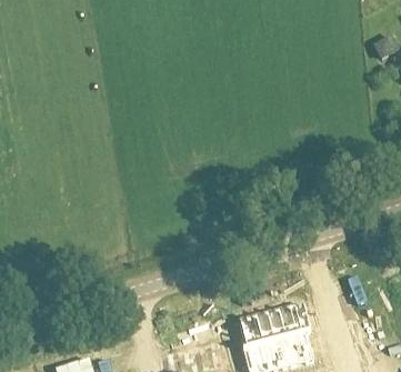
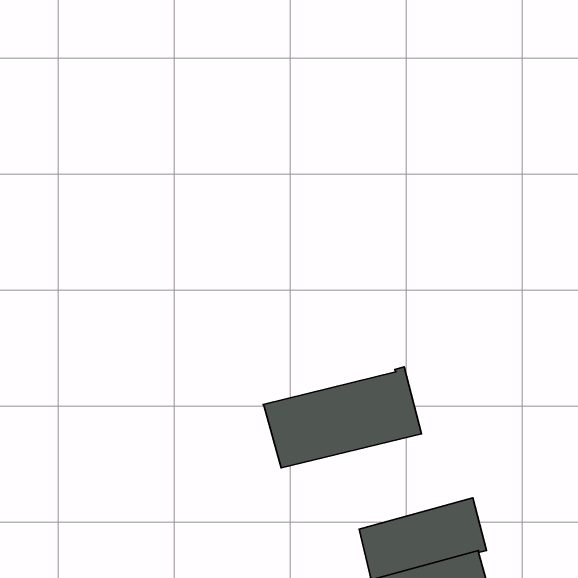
building: none -> [263,367,422,468]

